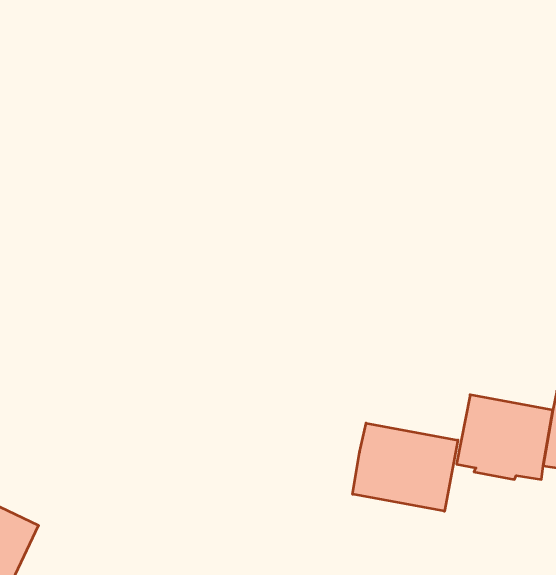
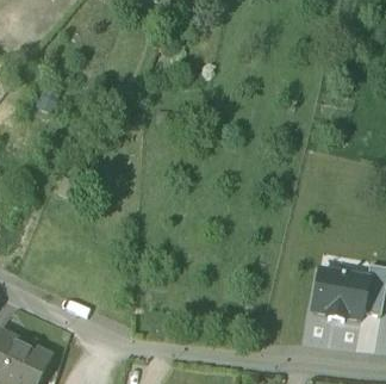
building: [353,423,458,511] -> none

